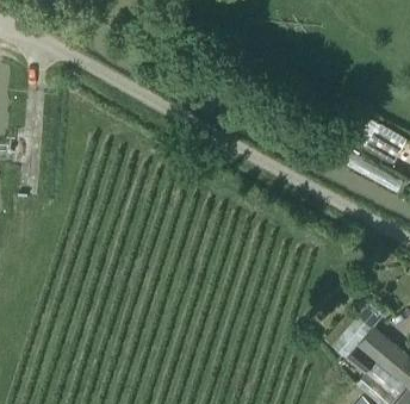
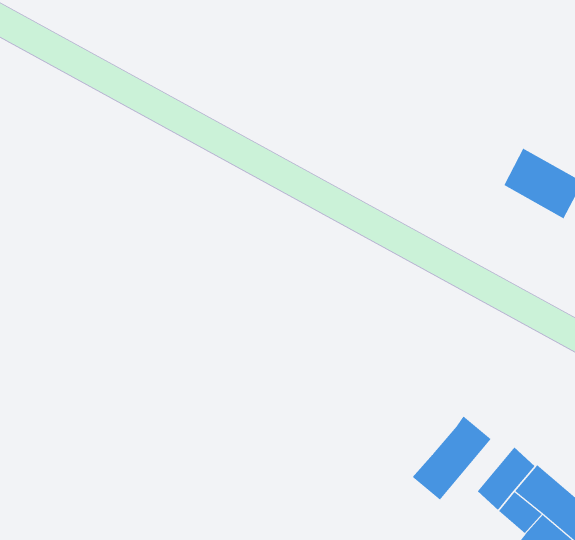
building: none -> [412,416,491,500]

